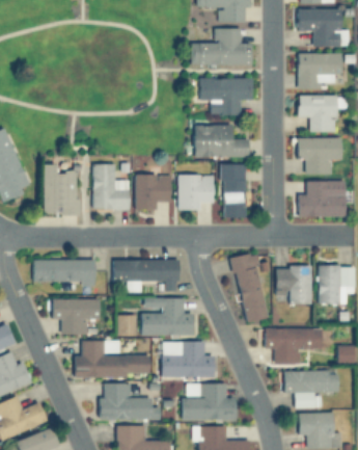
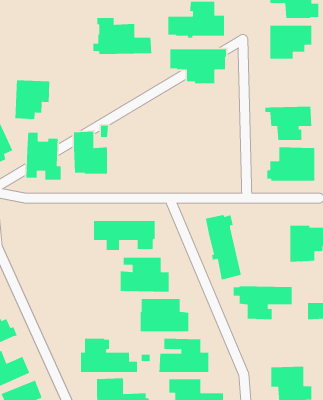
building: [298,97,342,133] -> none
building: none -> [15,80,50,120]
building: [188,120,250,159] -> [93,17,152,55]
building: [220,165,252,219] -> none
building: [136,176,171,211] -> none
building: [178,176,214,212] -> none
building: [33,259,95,286] -> none
building: [276,265,311,302] -> none
building: [52,298,100,334] -> none
building: [117,314,136,335] -> none
building: [75,340,149,377] -> none
building: [280,370,339,407] -> none

